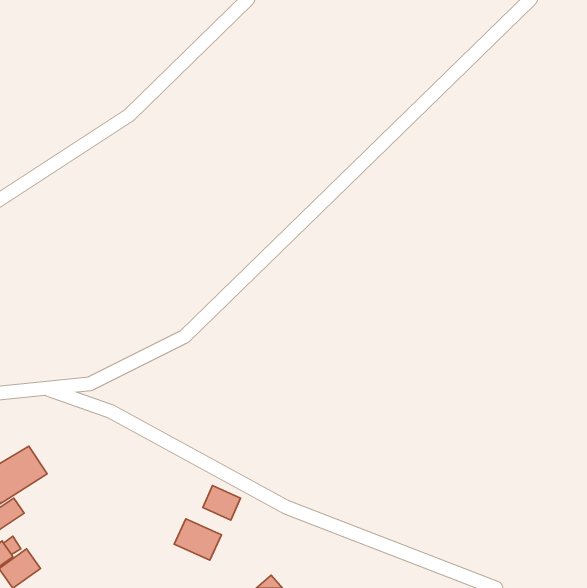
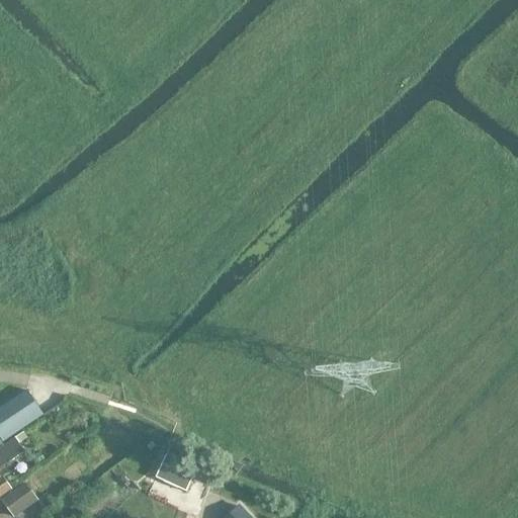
building: [203,486,241,520] -> none

